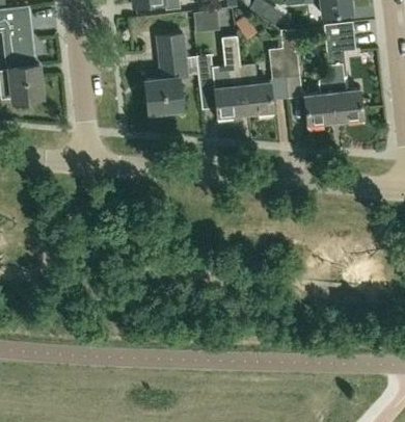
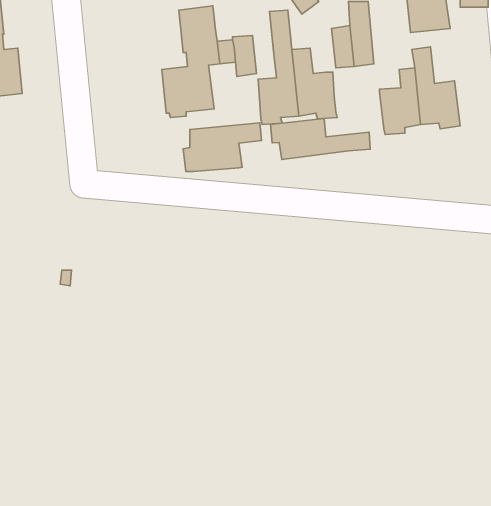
building: none -> [271,119,370,159]
building: none -> [183,123,262,172]

